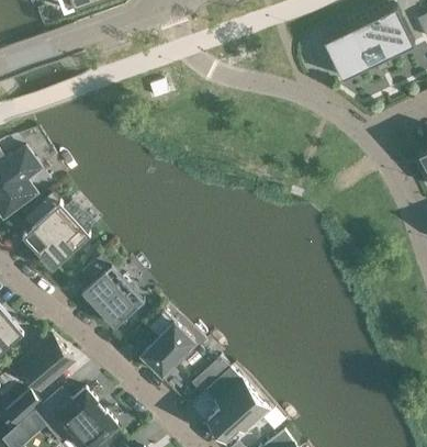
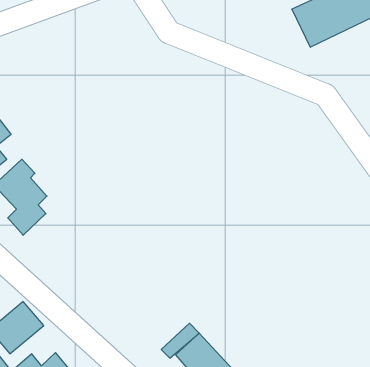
building: [82,255,138,329] -> none
building: [142,313,194,377] -> none

